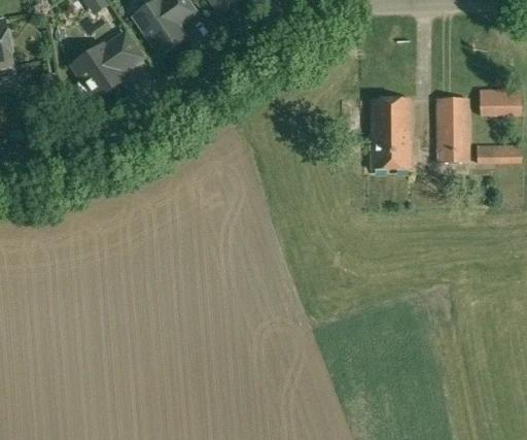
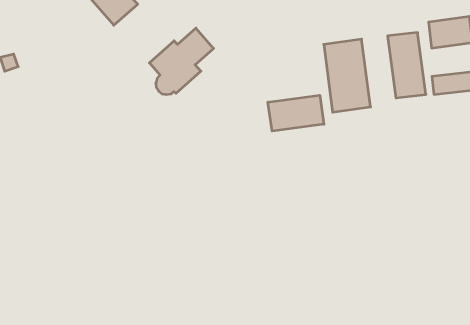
building: [73,34,140,98] -> [149,28,214,94]
building: none -> [268,95,324,131]

